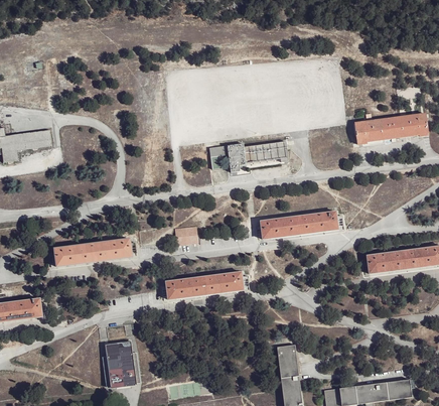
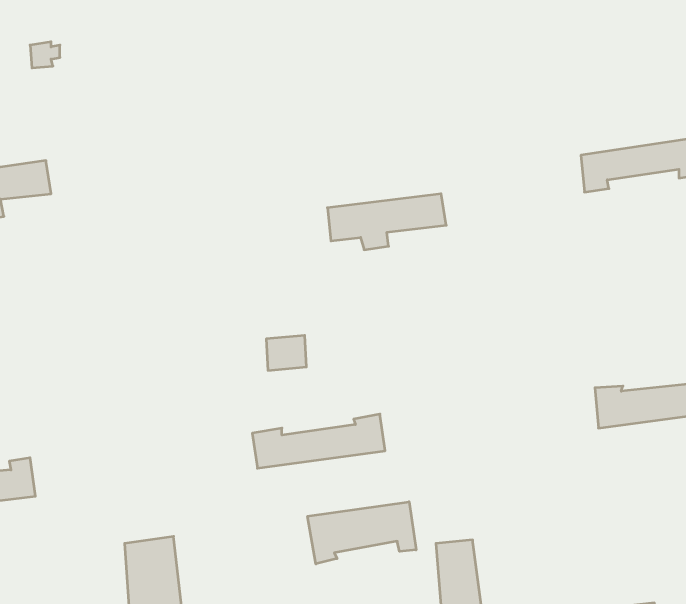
building: [261,210,332,244] -> none
building: [59,234,135,265] -> none
building: none -> [308,502,416,564]

